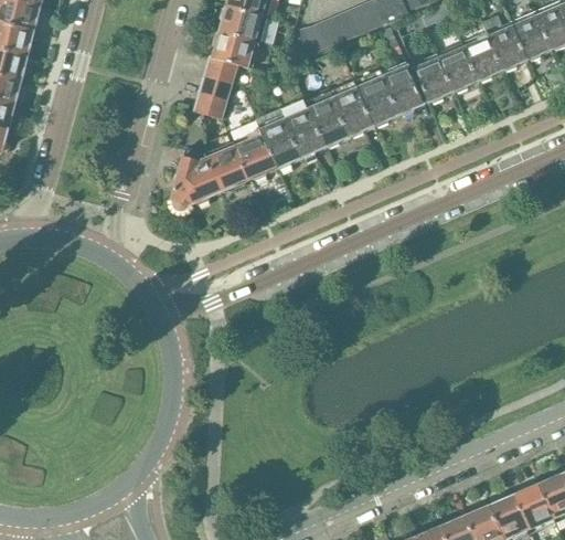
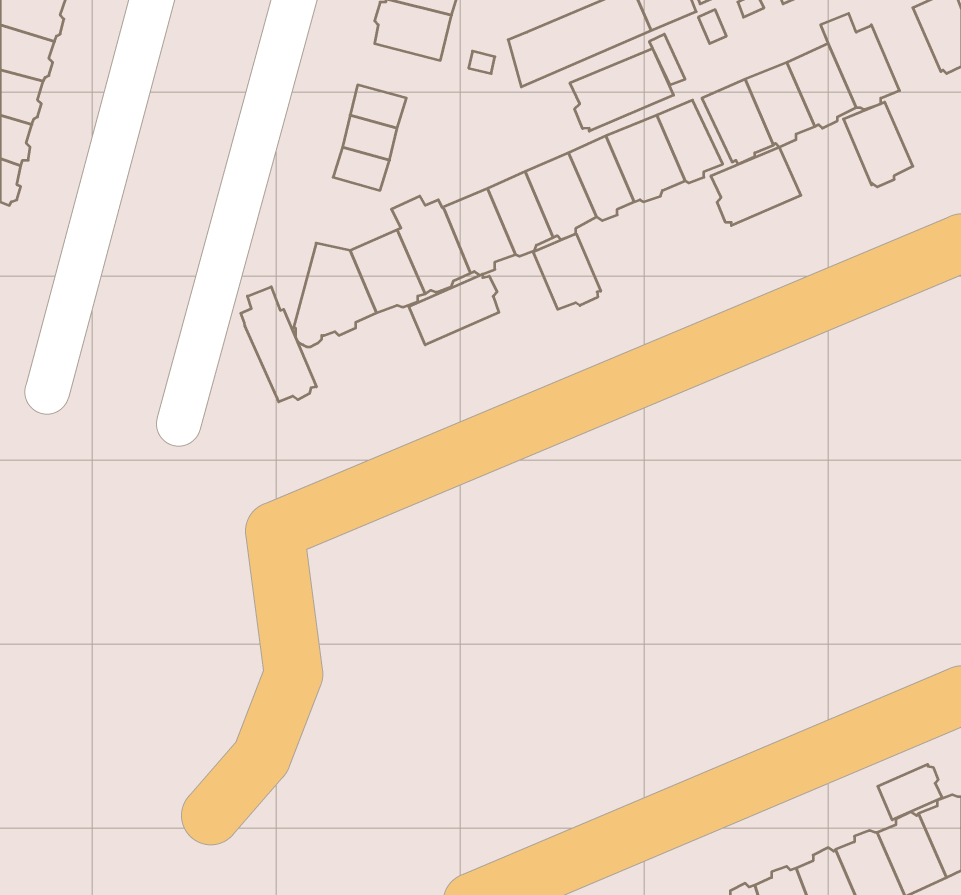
building: [511,11,552,61] -> [843,102,913,187]
building: [210,32,258,68] -> none
building: none -> [570,48,674,131]
building: none -> [711,147,801,226]
building: none -> [533,234,601,309]
building: none -> [409,274,499,345]
building: none -> [241,287,316,402]
building: none -> [878,764,942,820]

